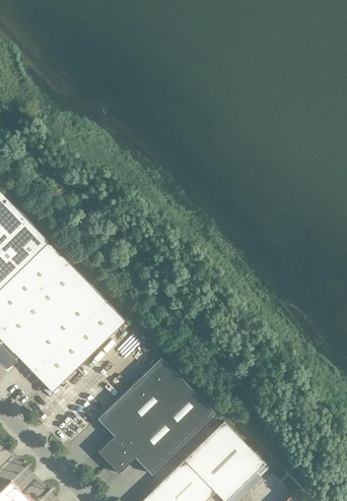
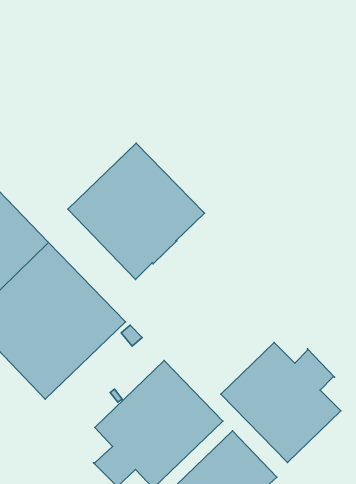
building: none -> [68,143,204,279]
building: none -> [221,342,341,462]

